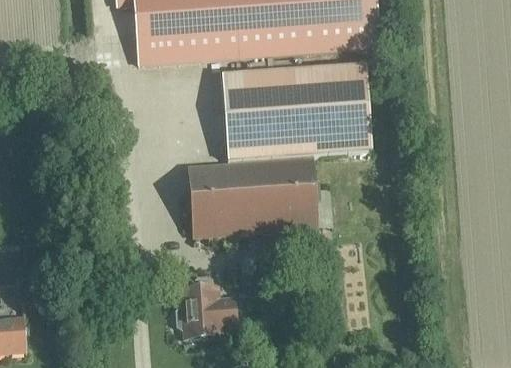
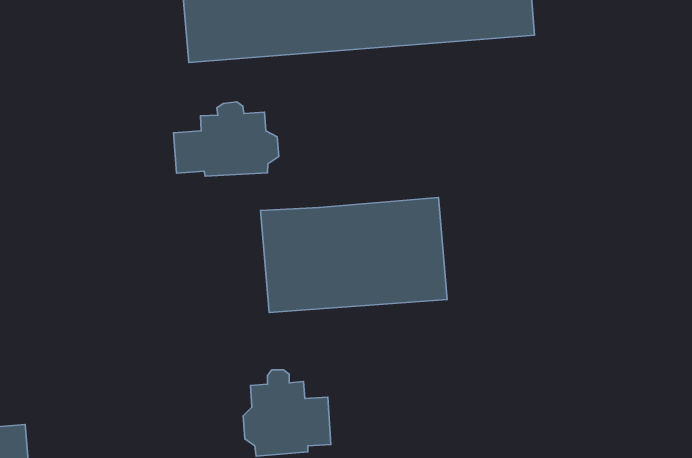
building: [222,66,369,164] -> none
building: none -> [174,102,279,176]

